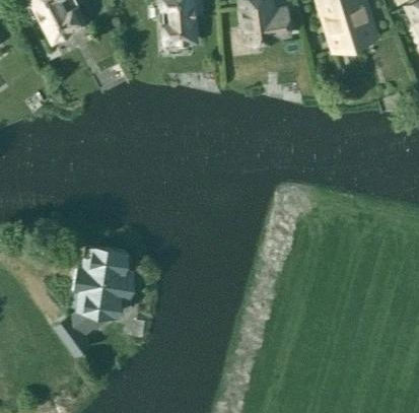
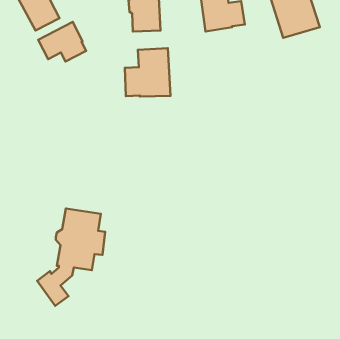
building: none -> [38,22,86,61]
building: none -> [125,48,170,96]

